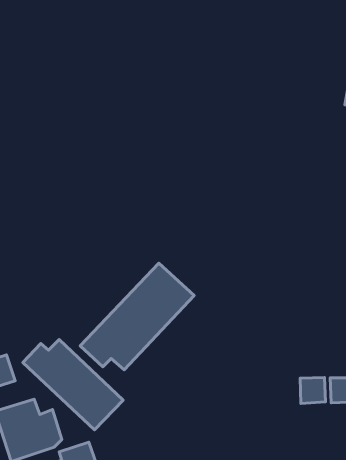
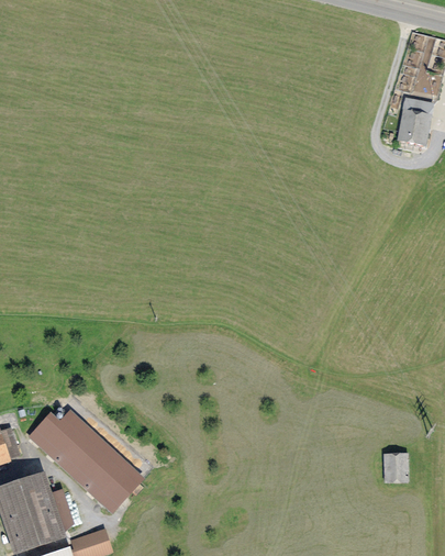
building: [80,263,194,370] -> none
building: [300,377,325,404] -> none

